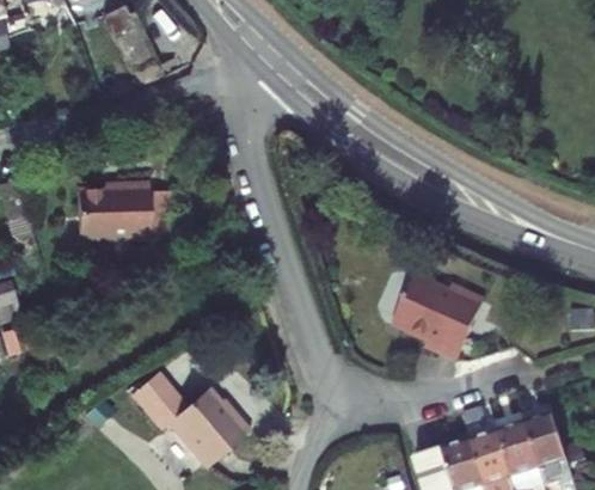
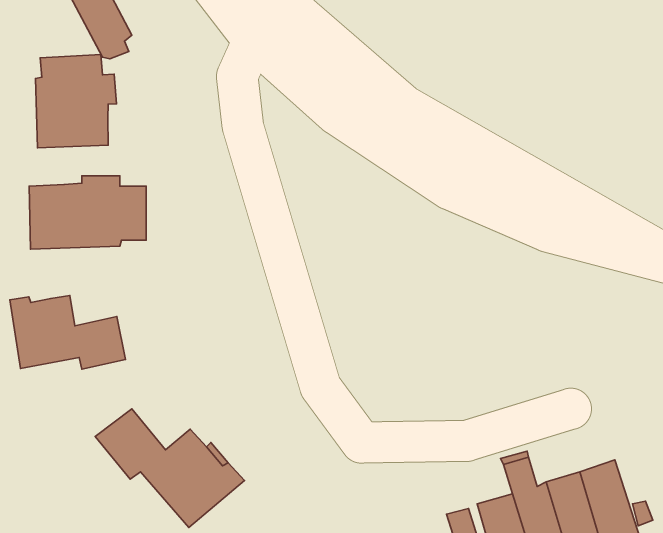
building: none -> [35,55,116,148]
building: [394,275,485,356] -> none
building: none -> [10,295,125,369]

